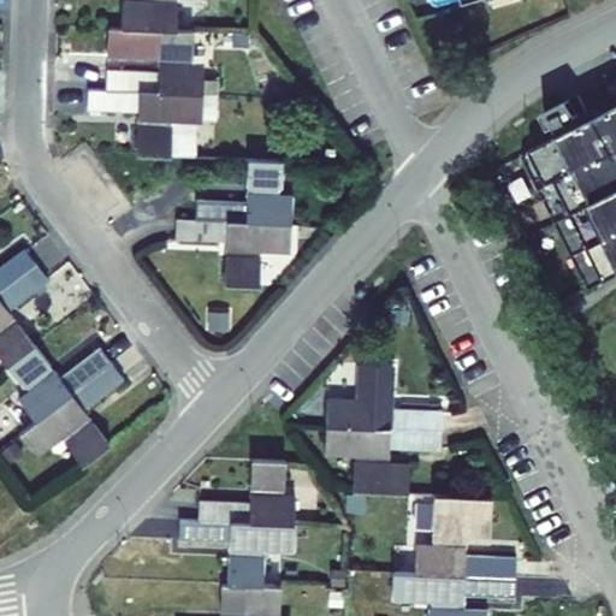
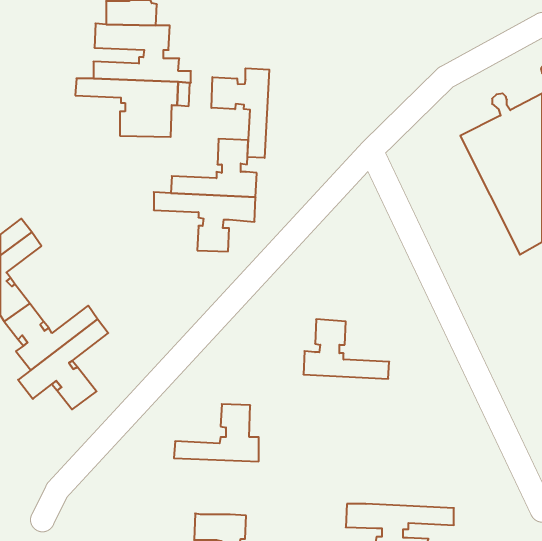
building: none -> [211,68,269,158]
building: [324,425,440,492] -> none
building: [415,493,516,578] -> none
building: [178,520,294,585] -> none

